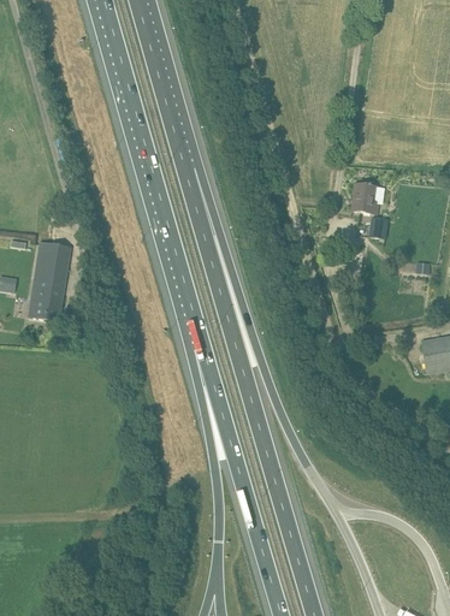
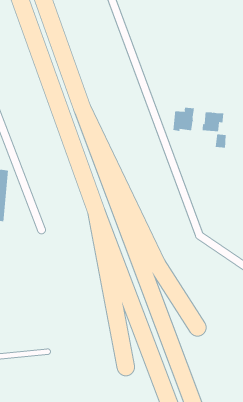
building: none -> [173,107,194,132]

